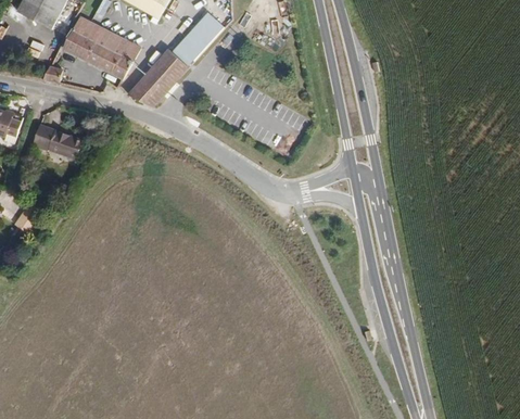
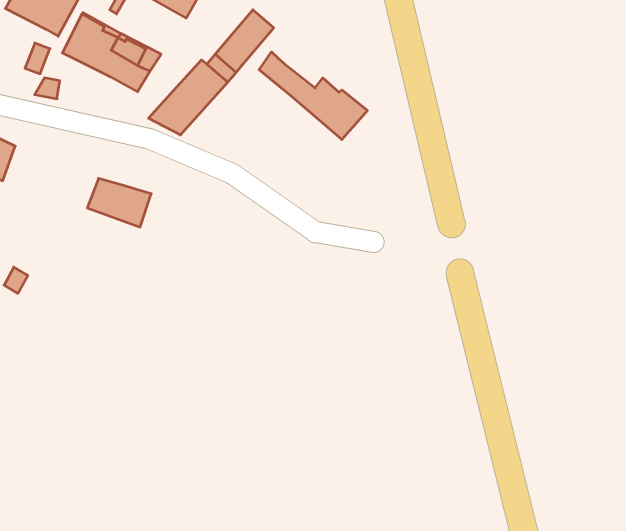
building: none -> [259,52,367,140]
building: [28,124,78,162] -> [87,178,151,227]

